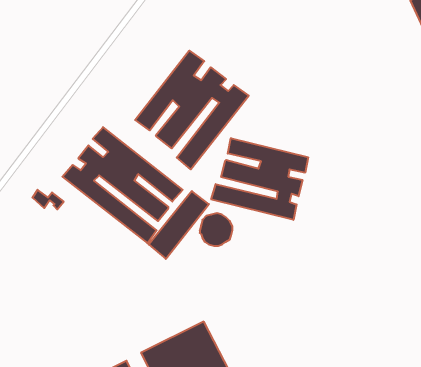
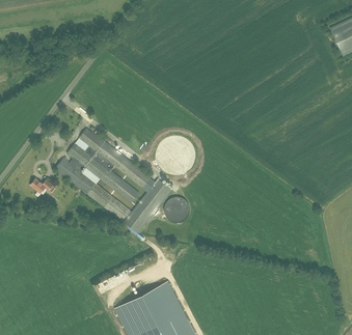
building: [135,51,249,169] -> none
building: [211,138,308,220] -> none

